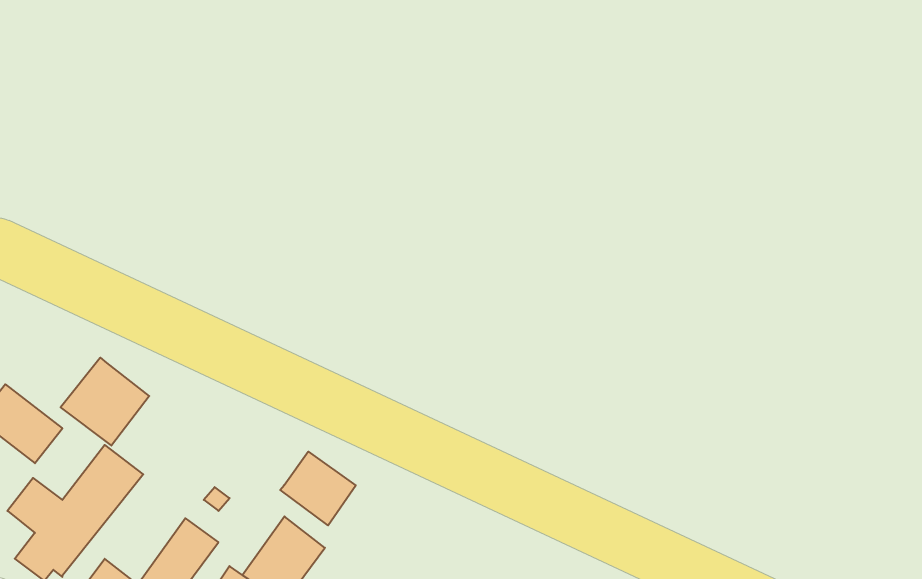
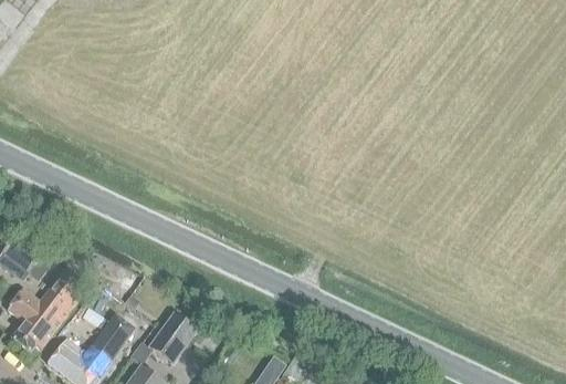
building: [61,358,149,446] -> none
building: [280,452,356,525] -> none

